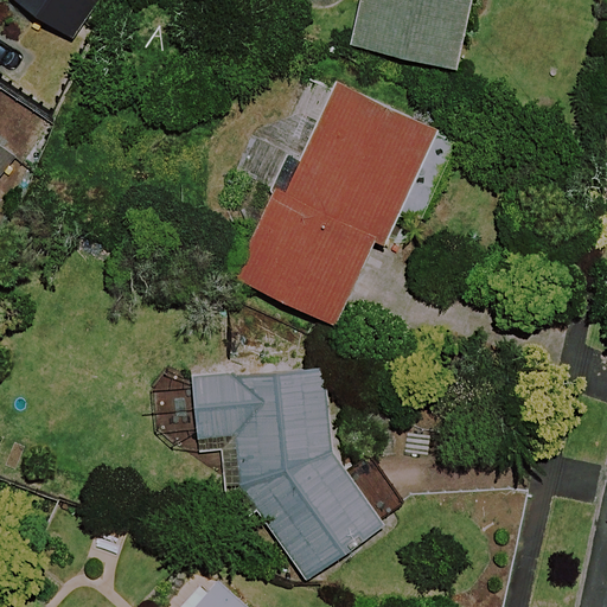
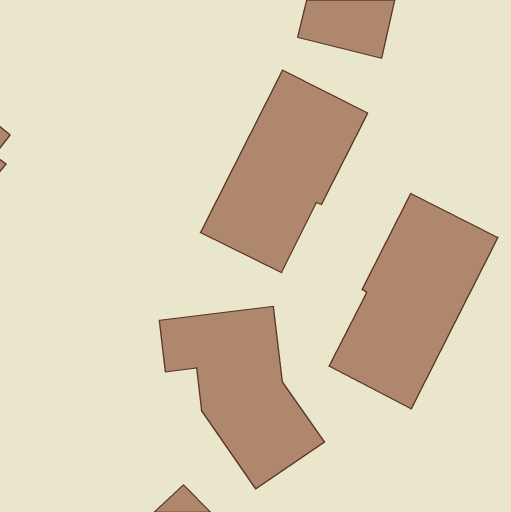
building: none -> [329,193,498,409]

